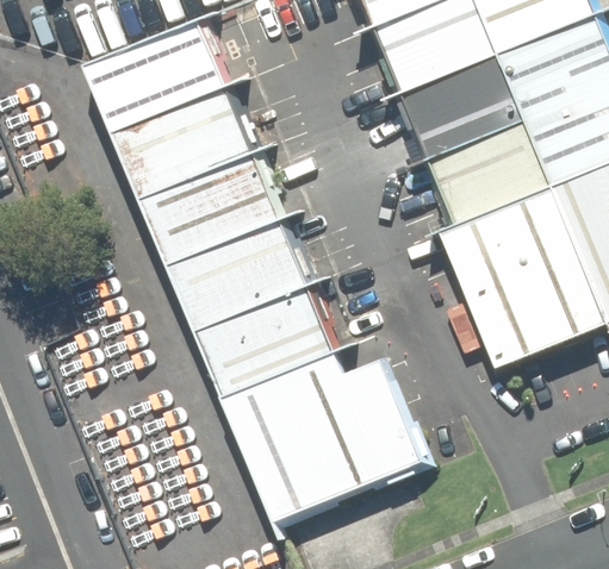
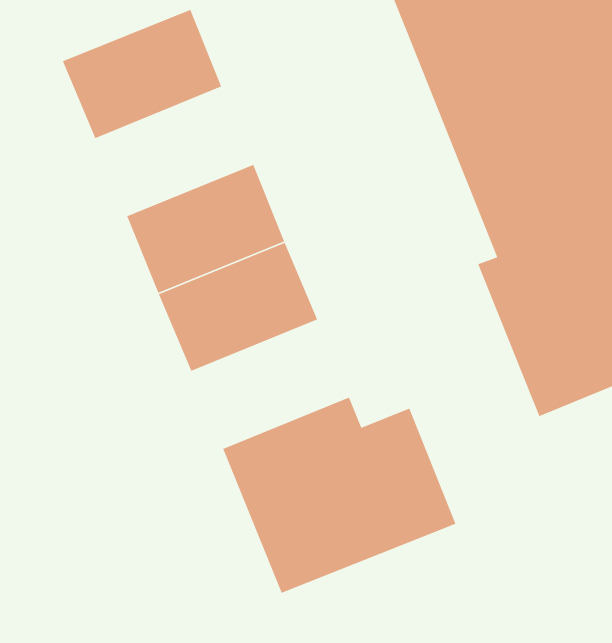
building: [111,81,249,193] -> none
building: [194,283,333,395] -> none

